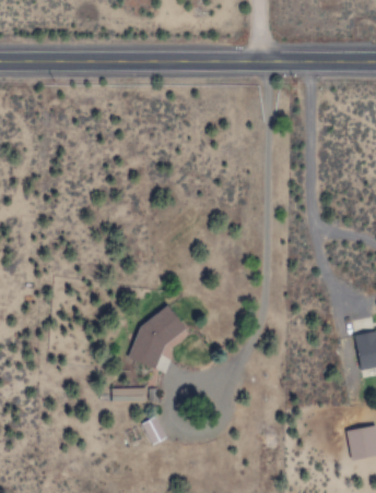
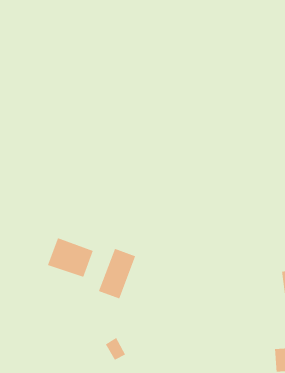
building: none -> [47,237,94,278]
building: [114,386,148,401] -> none

